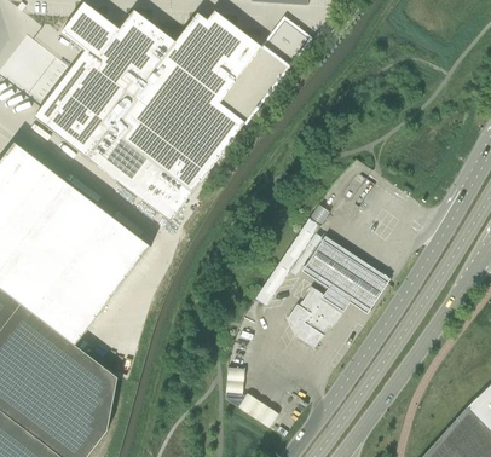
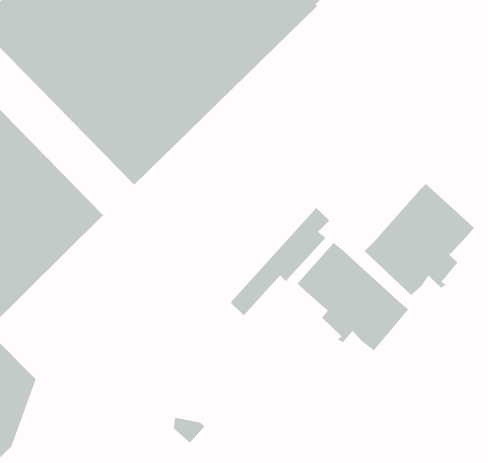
building: none -> [364,183,475,296]
building: [287,287,341,347] -> none

